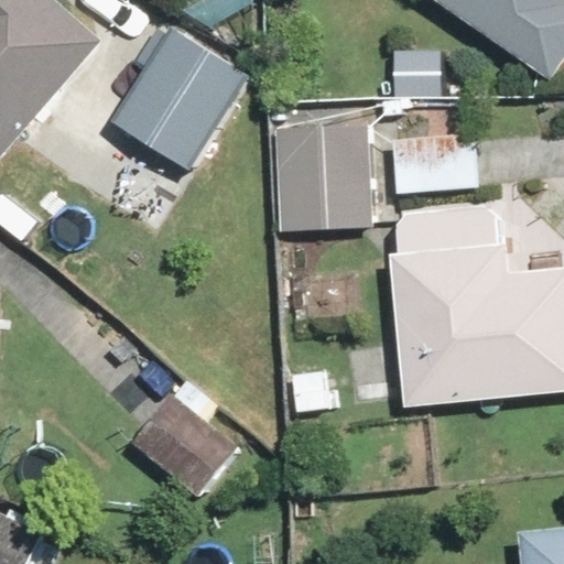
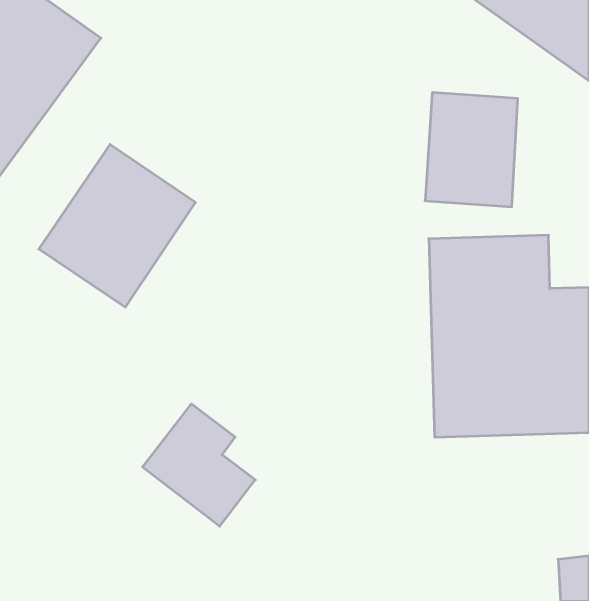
building: [106,26,251,177] -> [39,144,195,307]
building: [272,120,372,226] -> none

